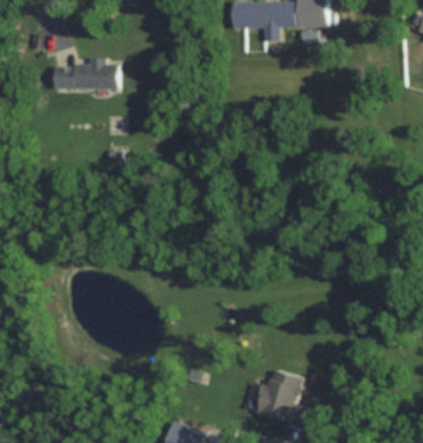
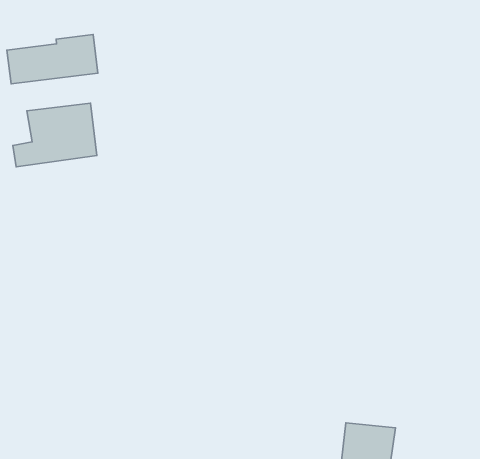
building: none -> [13,103,97,167]

